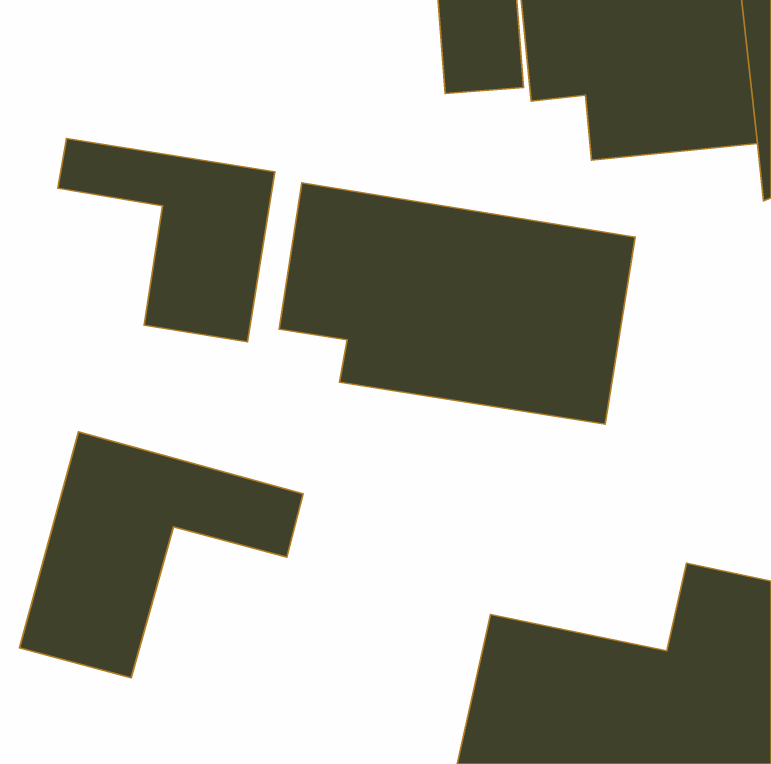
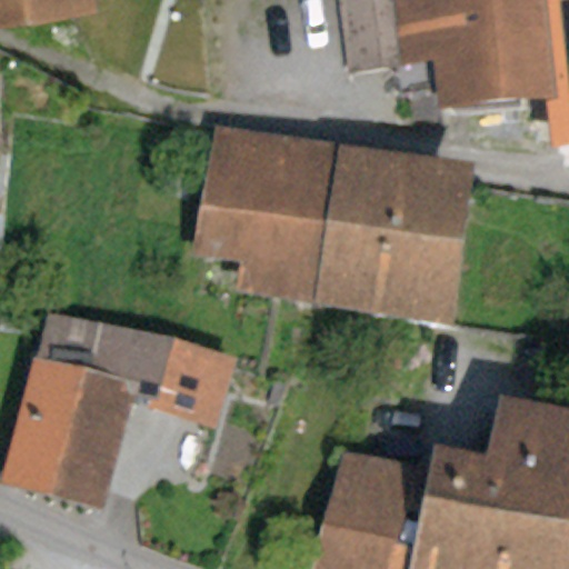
building: [58,139,275,342] -> none

